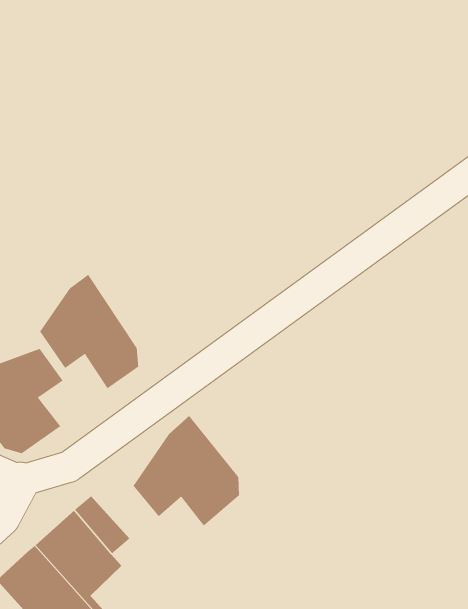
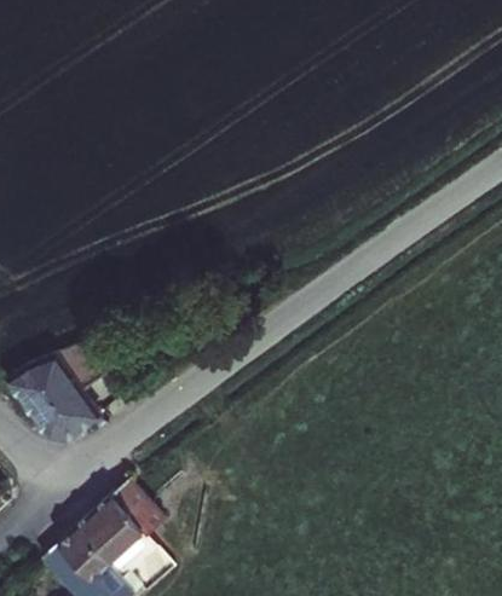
building: [40,274,139,389] -> none
building: [133,415,240,527] -> none

